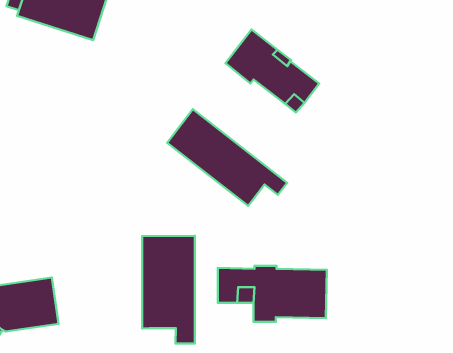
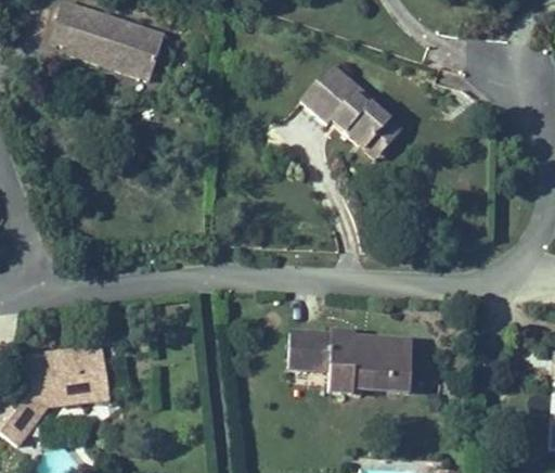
building: [167,109,287,206] -> none
building: [142,236,195,343] -> none

